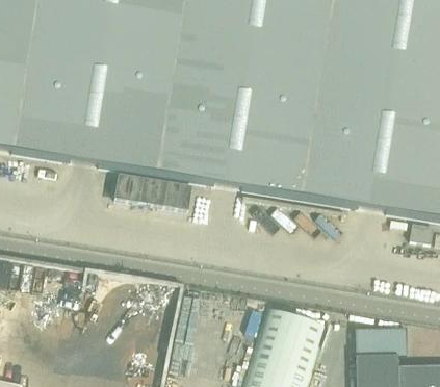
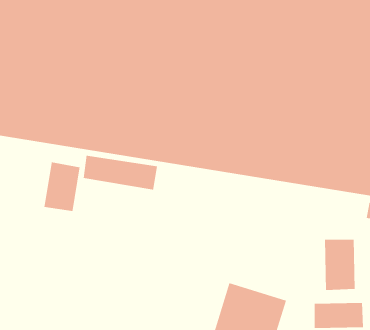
building: none -> [44,161,80,212]
building: none -> [325,239,355,291]

